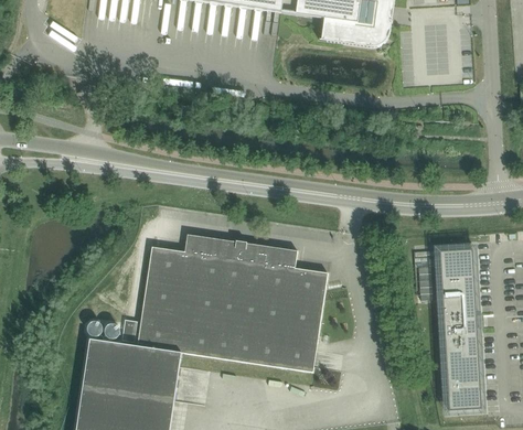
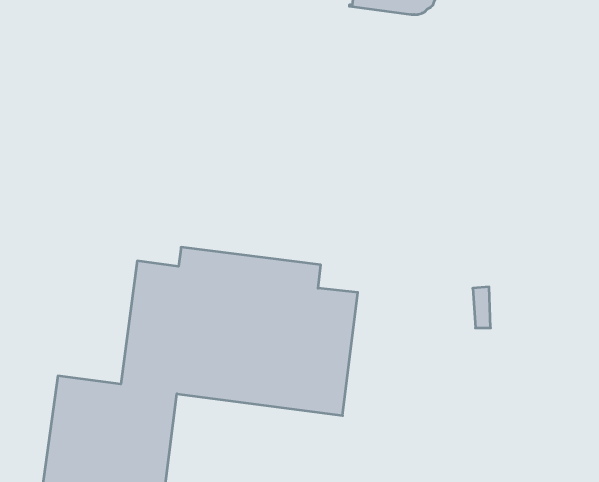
building: [440,248,482,410] -> none

